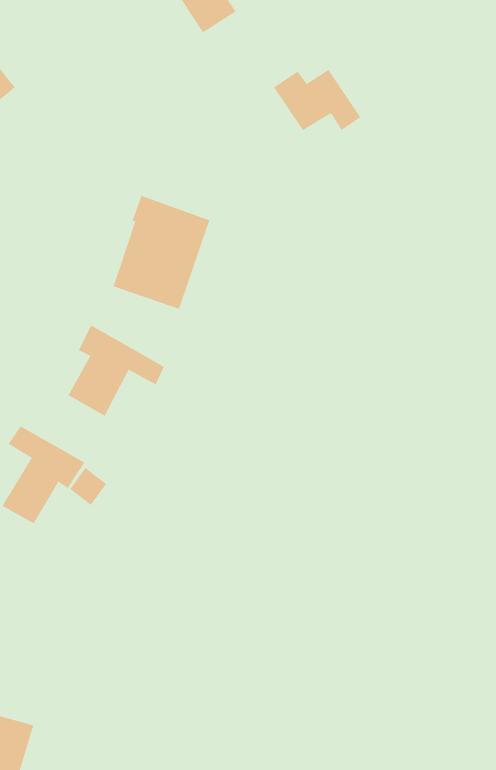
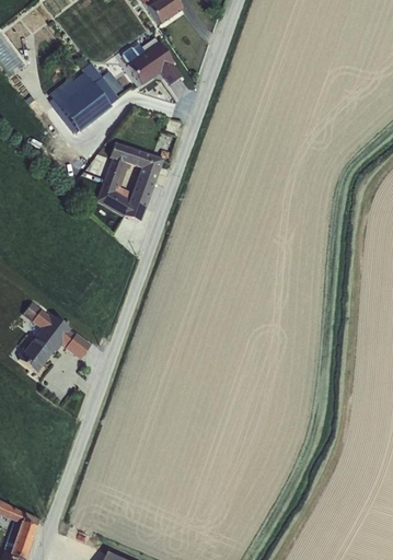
building: [273,69,361,131] -> [120,40,183,84]
building: none -> [49,61,124,130]
building: [68,324,165,417] -> none

